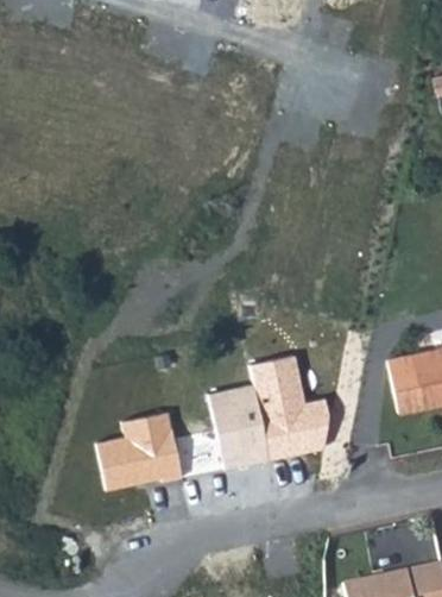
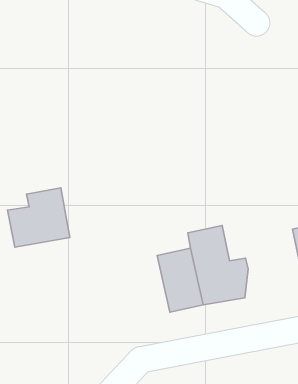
building: [101,414,183,492] -> [7,188,70,247]

